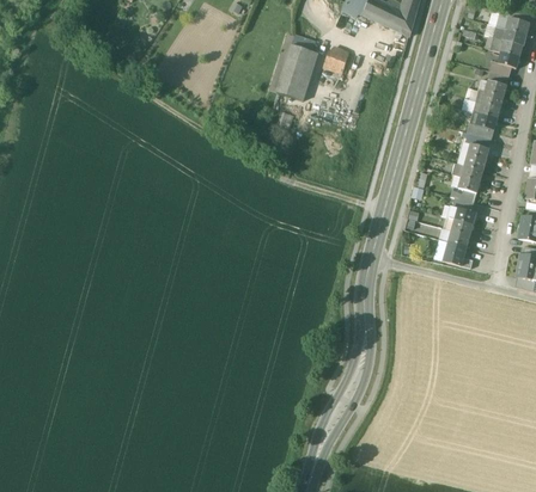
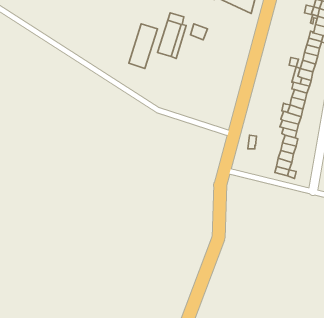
building: none -> [129,24,157,68]

